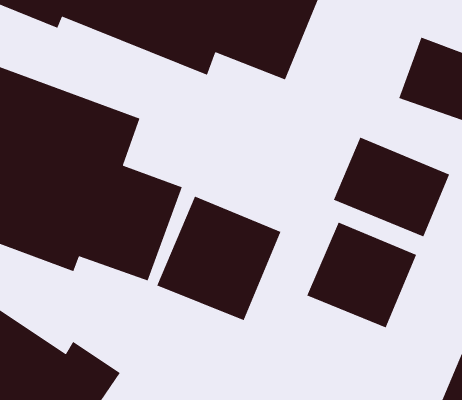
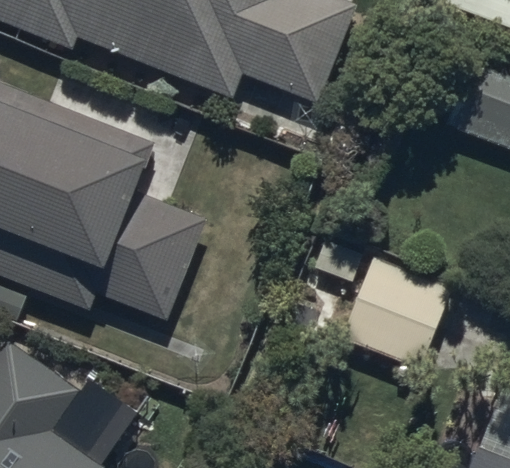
building: [333,137,450,237] -> none
building: [156,196,281,321] -> none

